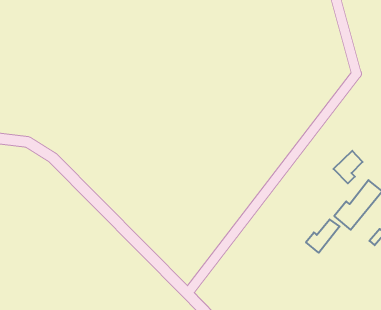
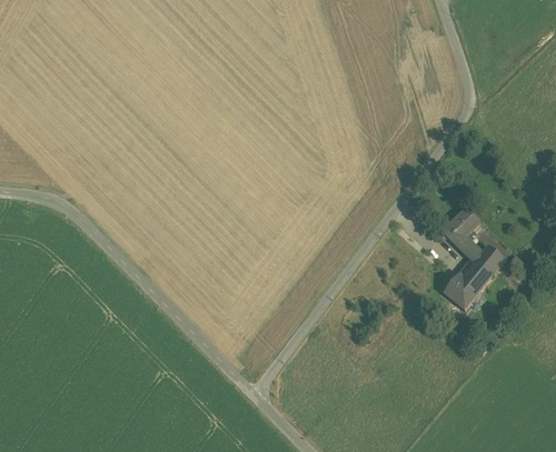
building: [306,219,340,253] -> none

